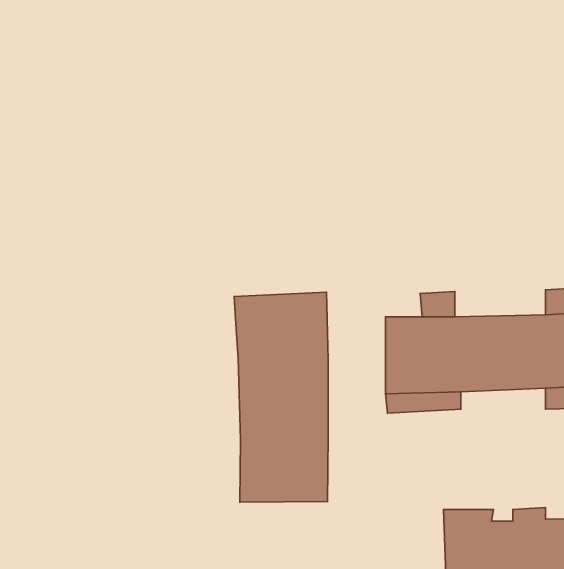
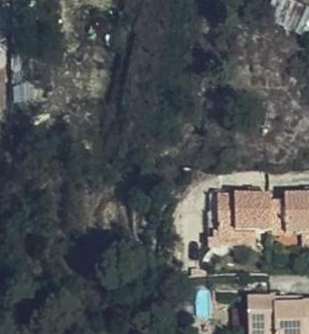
building: [234,292,328,502] -> none

